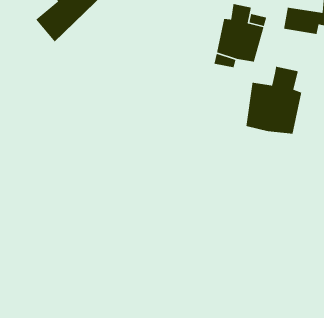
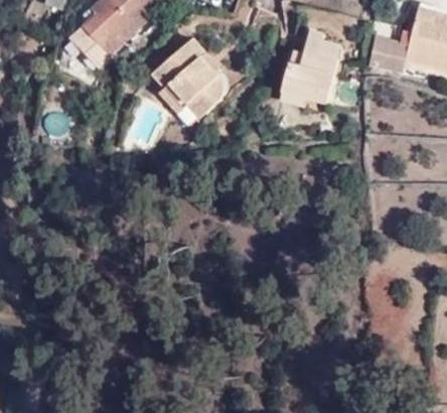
building: none -> [151,36,225,117]
building: [245,66,302,134] -> none

